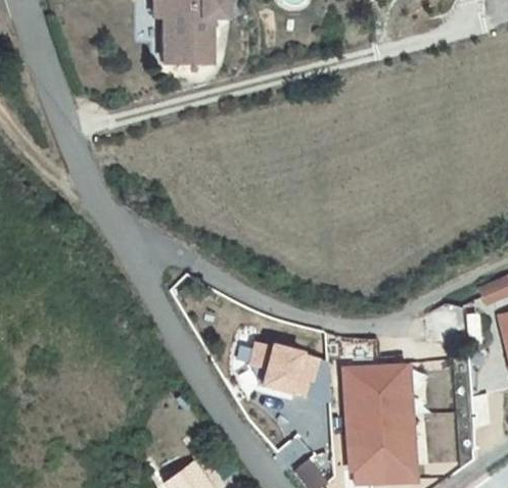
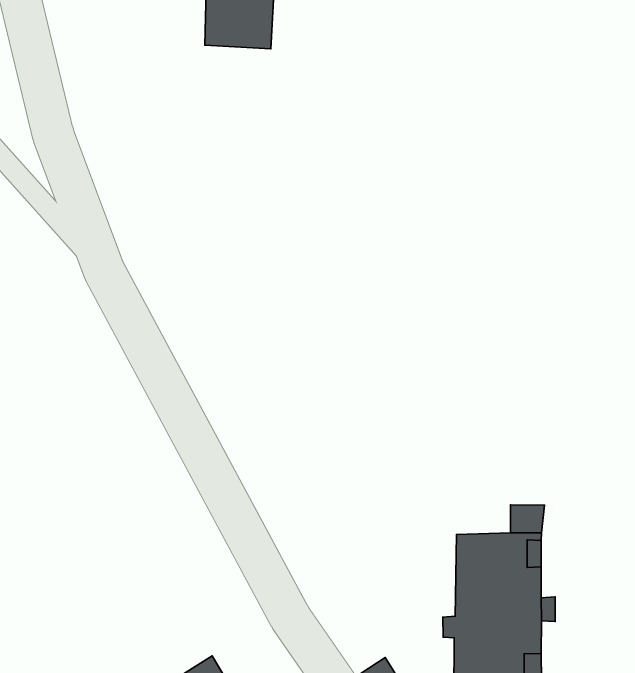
building: [244,338,316,397] -> none

